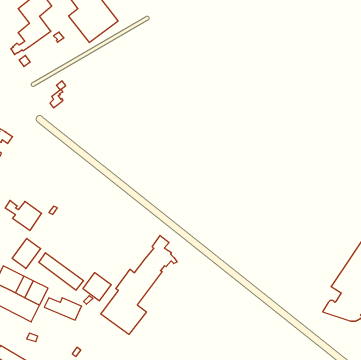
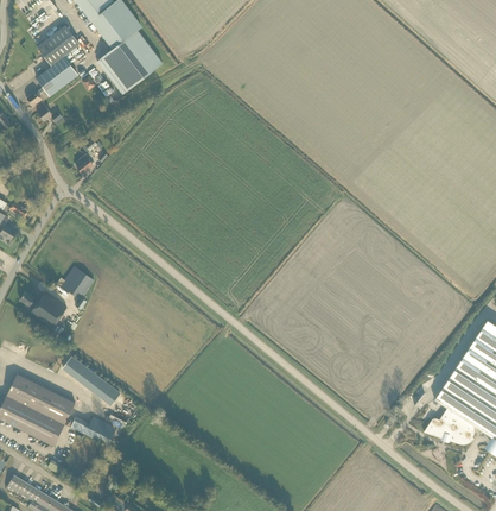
building: none -> [57,266,95,296]
building: [101,235,177,334] -> none
building: [12,238,41,269] -> none
building: [83,273,111,301] -> none

